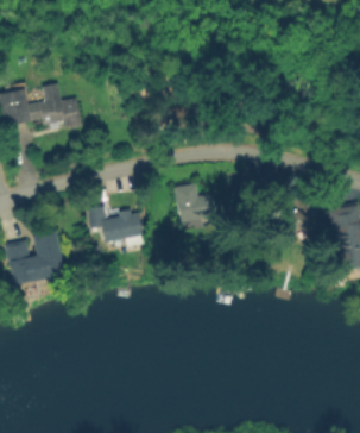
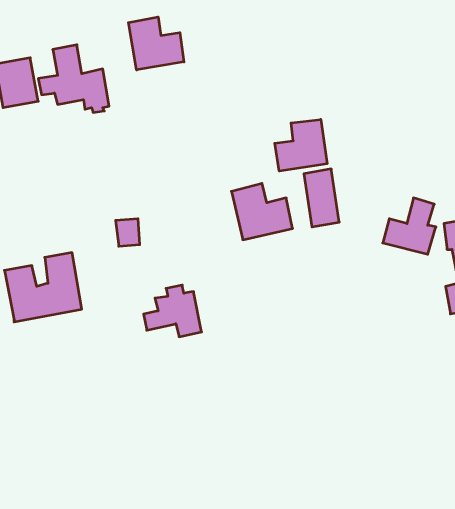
building: none -> [128,17,184,70]
building: none -> [275,119,327,171]
building: [103,209,146,247] -> [144,285,202,337]

